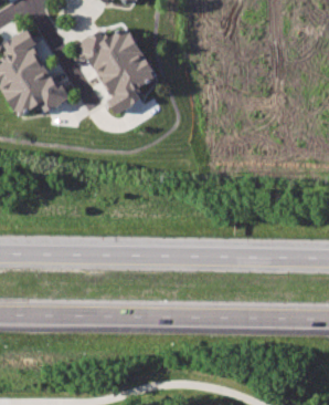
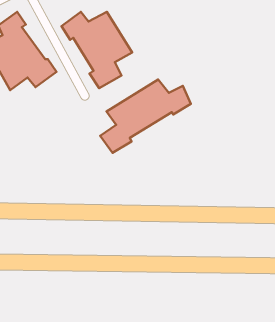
building: none -> [100,80,191,153]

